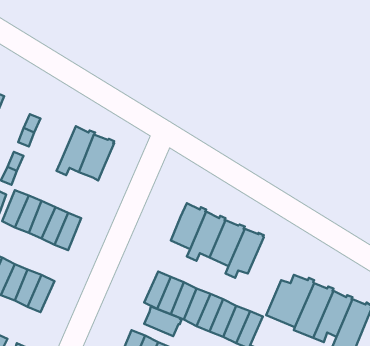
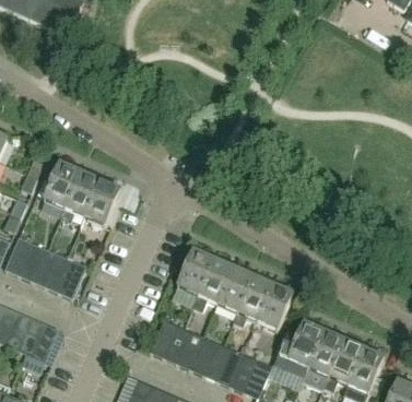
building: none -> [43,163,80,210]
building: none -> [256,285,292,331]
building: [144,306,182,336] -> none

